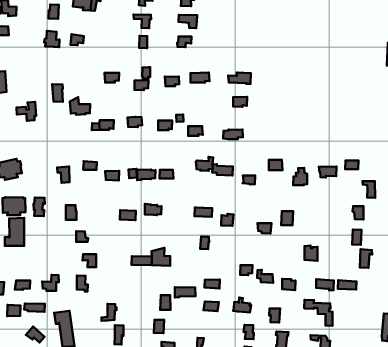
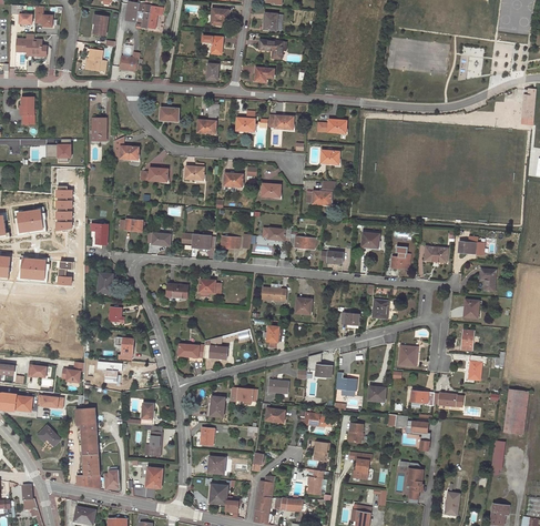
building: none -> [55,186,71,230]
building: [5,218,24,246] -> none

